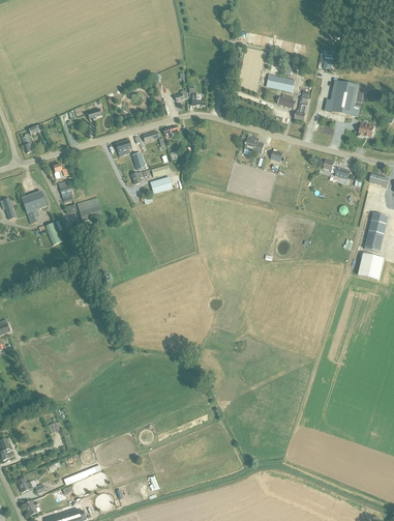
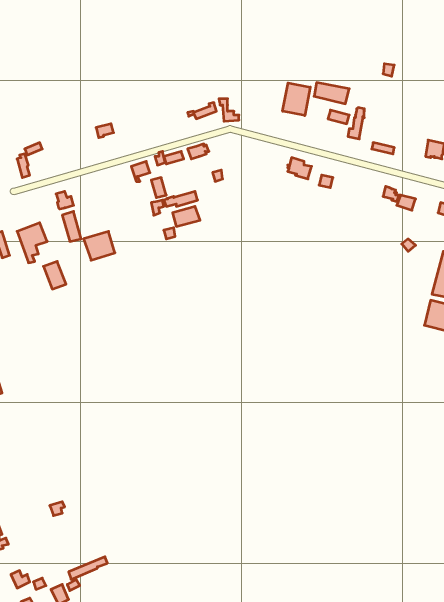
building: none -> [283,83,310,116]
building: [331,80,359,116] -> none

